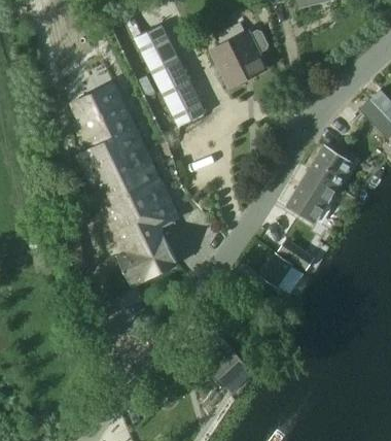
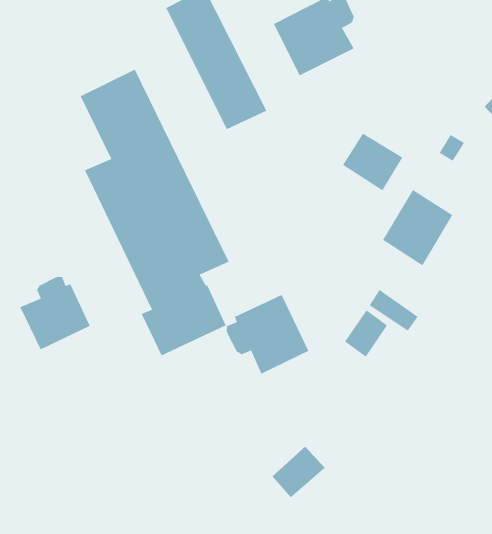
building: [309,145,352,186] -> [342,133,403,191]
building: none -> [20,276,90,350]
building: none -> [226,294,309,375]

